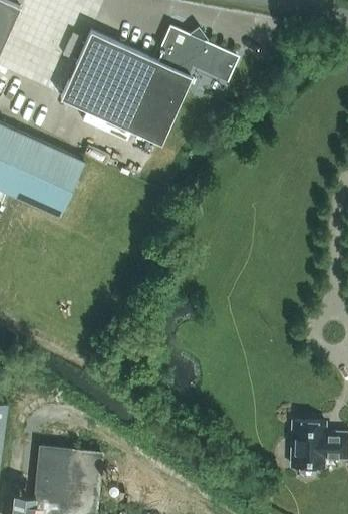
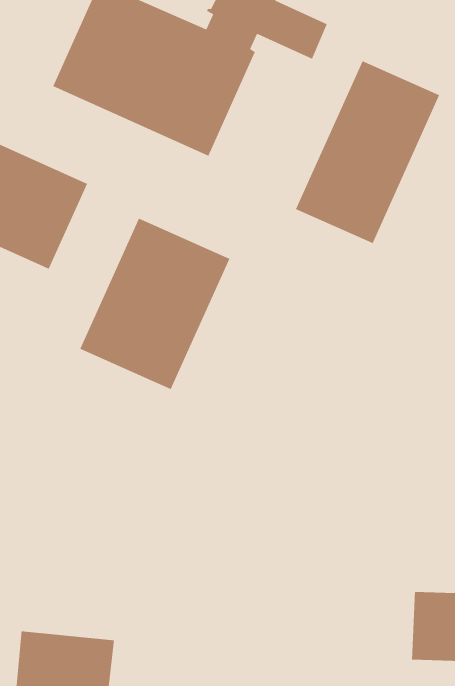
building: none -> [295,60,440,244]
building: none -> [79,217,230,390]

